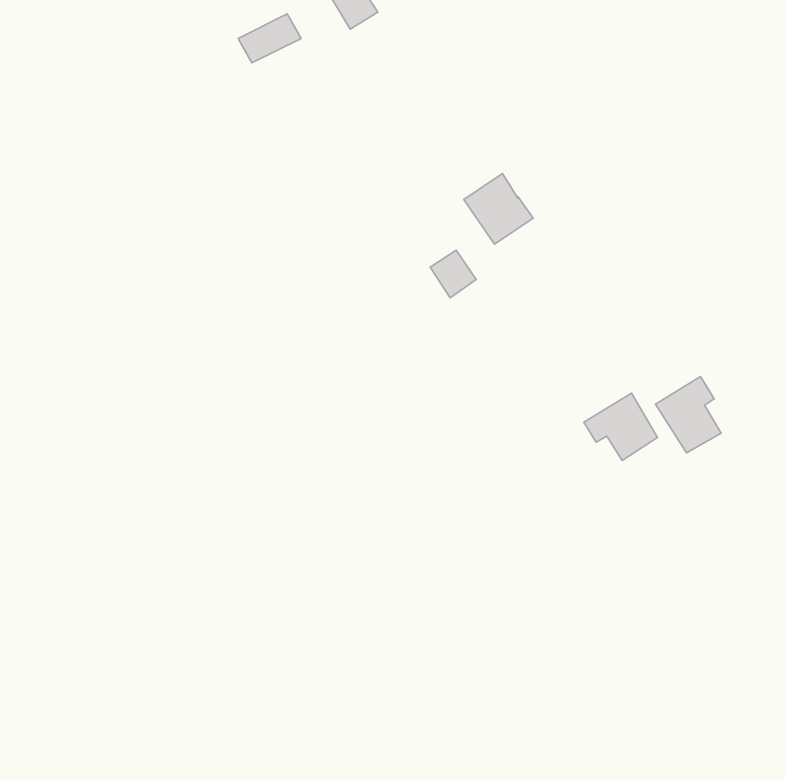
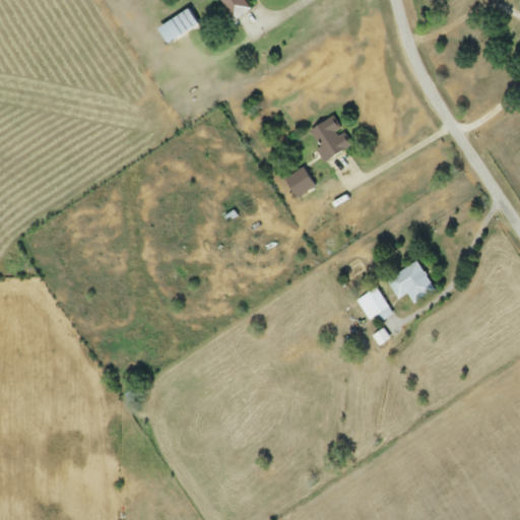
building: [656,376,721,453] -> none
building: none -> [356,287,393,322]

